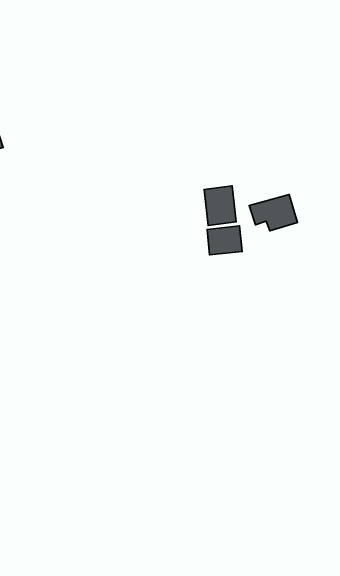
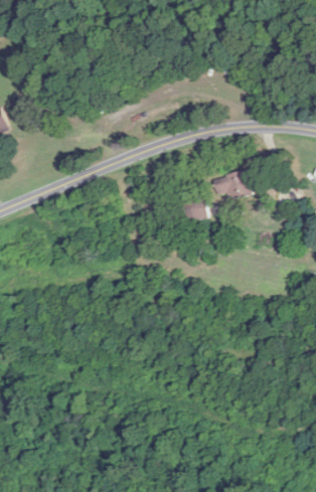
building: [204,186,236,225] -> none

